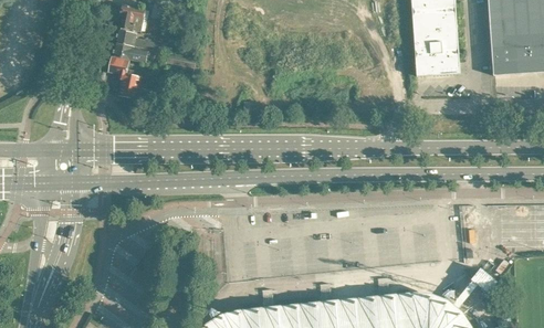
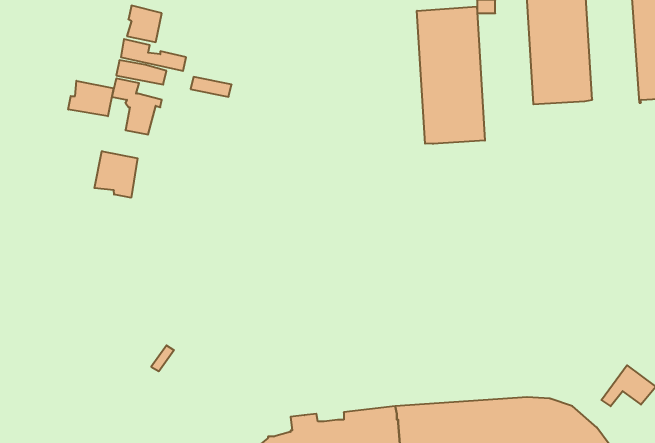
building: none -> [417,7,485,144]
building: none -> [68,81,113,116]
building: none -> [94,151,138,198]

